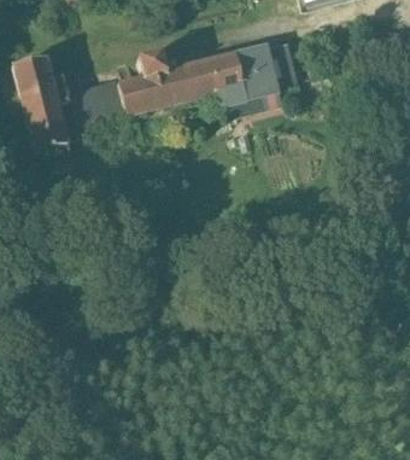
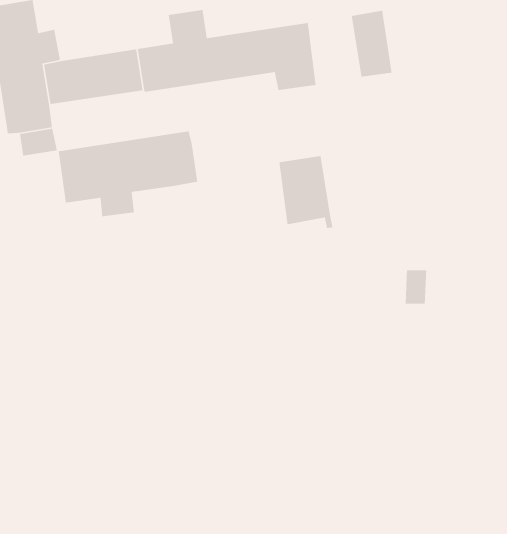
building: [235,48,277,99] -> [279,155,334,229]
building: none -> [58,130,198,217]

